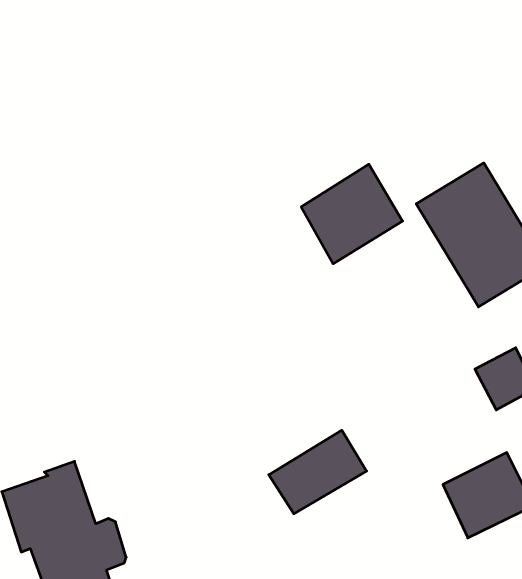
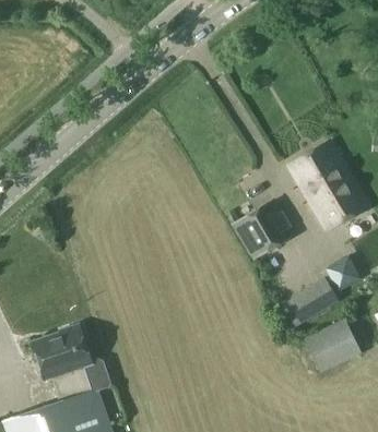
building: [301,164,403,264] -> [233,200,295,261]
building: [269,430,367,514] -> [280,277,340,328]

